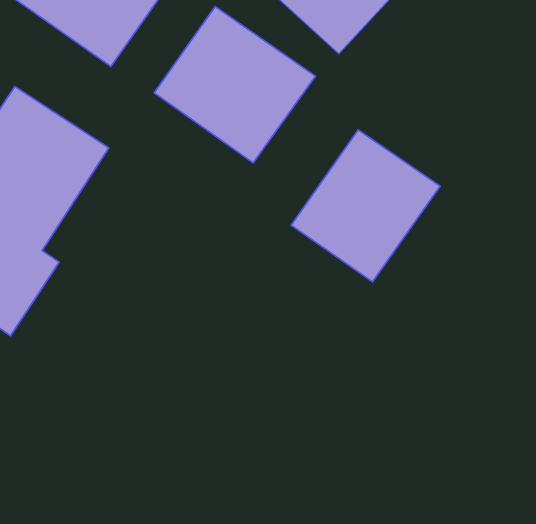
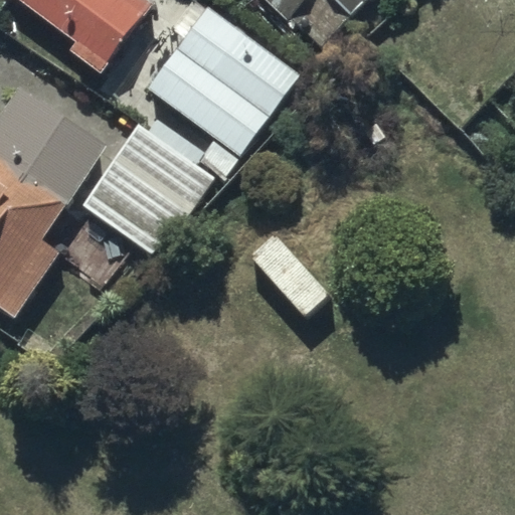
building: none -> [80,122,218,260]
building: [291,130,440,282] -> none

